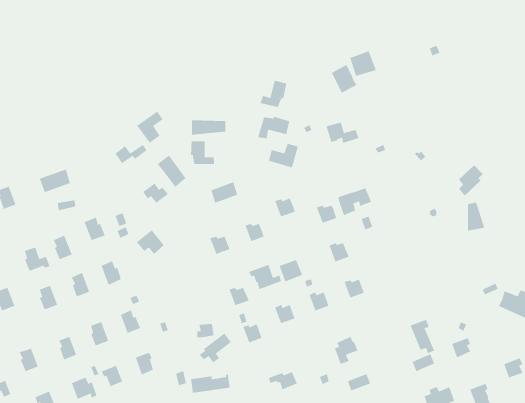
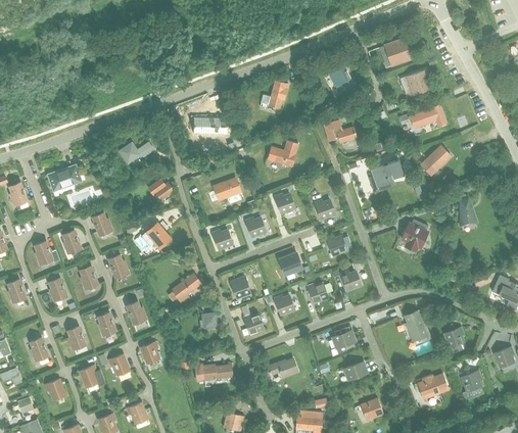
building: [349,50,377,77] -> [384,39,411,64]
building: none -> [406,69,431,95]
building: none -> [410,104,445,128]
building: [136,111,163,144] -> none
building: [258,116,290,139] -> none
building: [190,140,215,165] -> none
building: [157,155,187,188] -> none
building: [458,164,484,196] -> [424,145,449,176]
building: [337,187,372,216] -> [370,159,404,187]
building: none -> [401,223,427,251]
building: [248,264,282,290] -> none
building: [199,333,232,363] -> [168,274,199,303]

